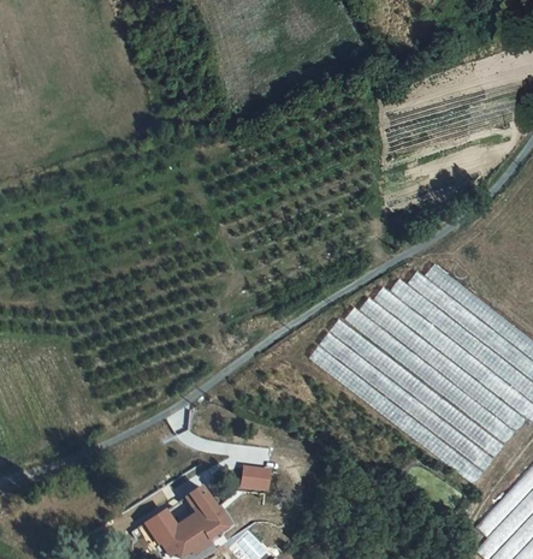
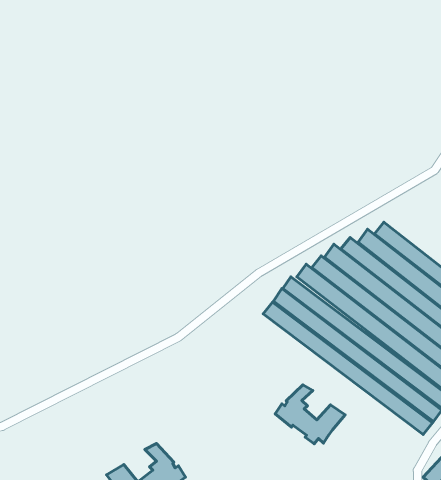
building: none -> [275,385,345,444]
building: [241,464,271,490] -> none

